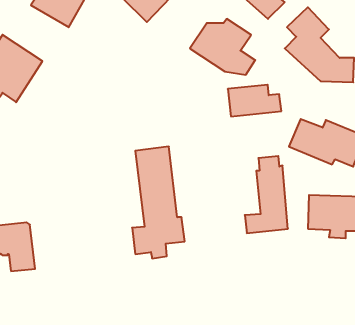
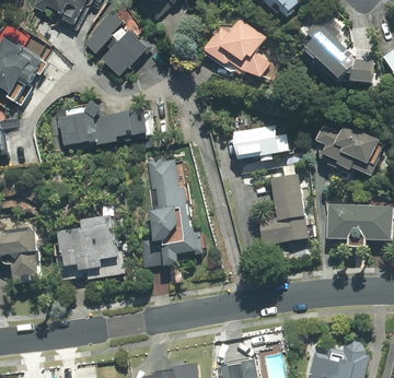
building: none -> [82,9,150,76]
building: [228,85,281,116] -> [233,126,289,158]
building: none -> [55,104,153,145]
building: none -> [54,213,124,281]

